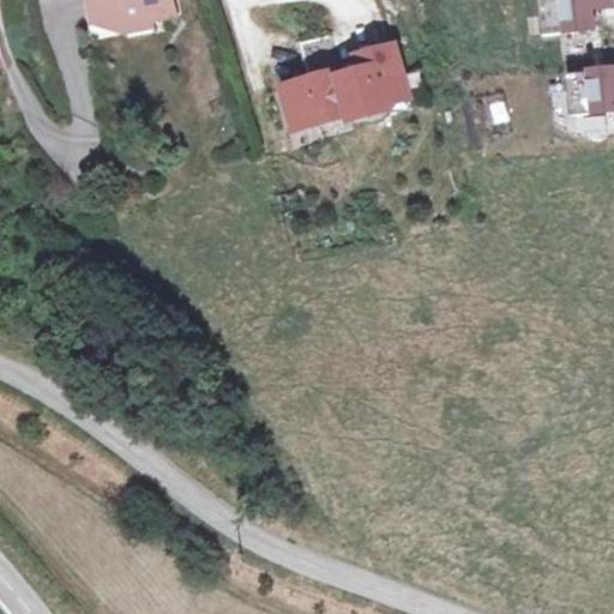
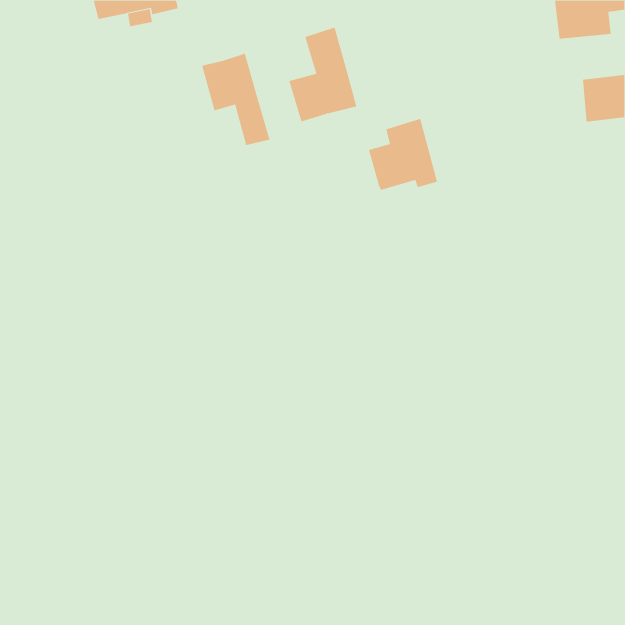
building: [341,38,409,109] -> [368,118,438,190]
building: none -> [202,53,270,146]

